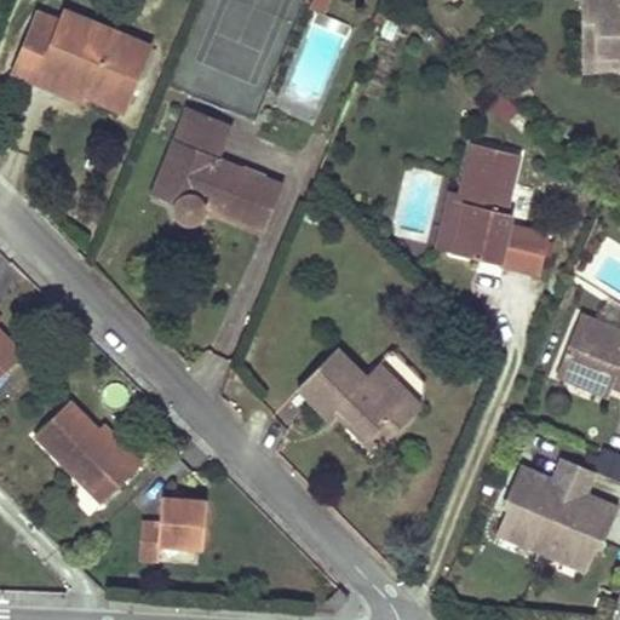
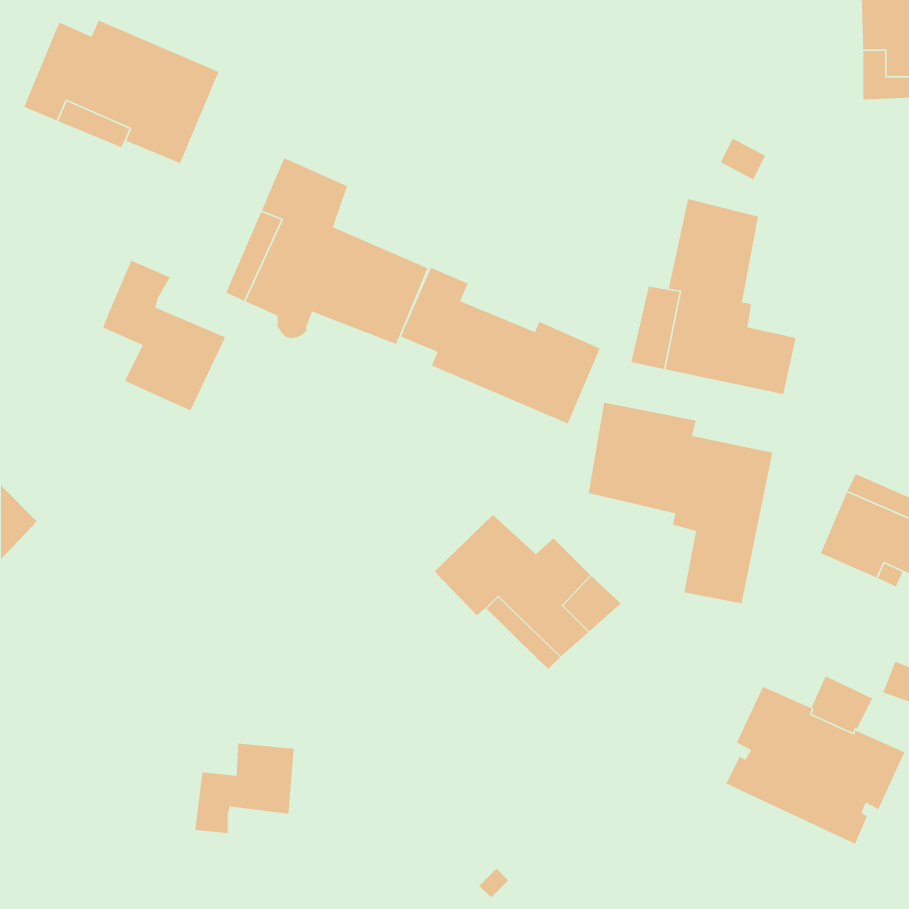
building: none -> [102,260,226,412]
building: none -> [400,267,601,425]
building: none -> [588,402,773,604]
building: [30,396,136,501] -> none

